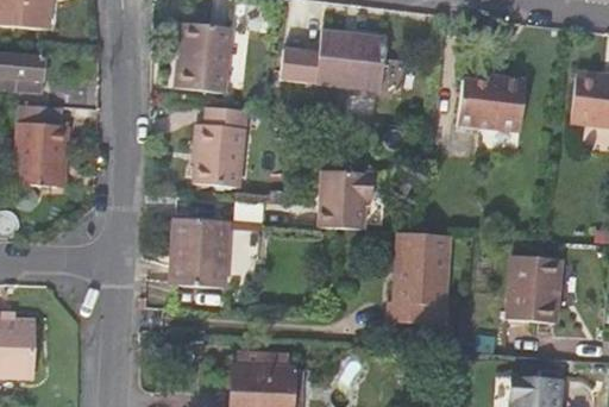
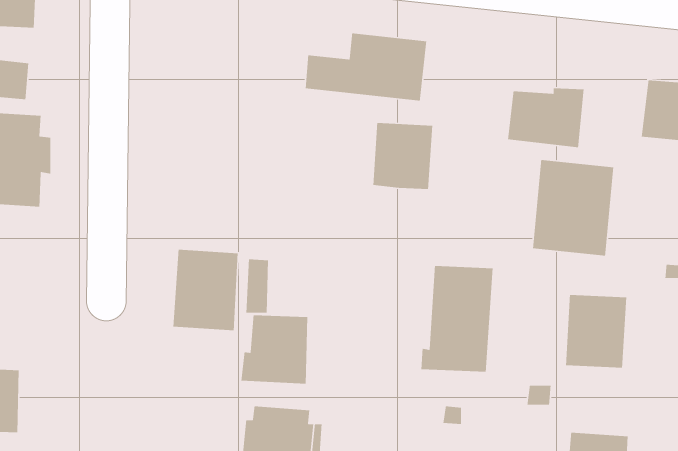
building: [175,24,232,94] -> none
building: [195,109,247,189] -> none
building: none -> [532,159,614,256]
building: [315,170,368,228] -> [372,122,433,190]
building: none -> [241,314,308,384]

